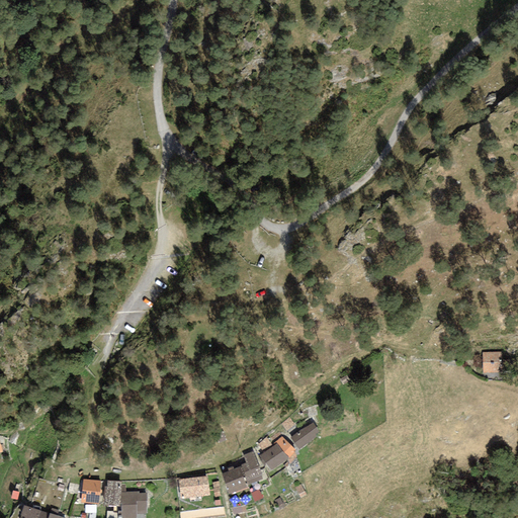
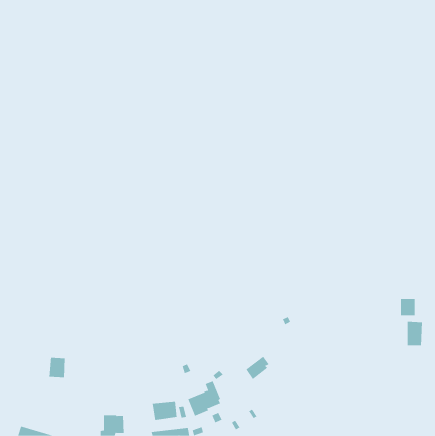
building: none -> [407,321,422,346]
building: [260,436,297,470] -> none
building: [81,480,101,504] -> [48,357,66,378]
building: [104,481,122,505] -> none

